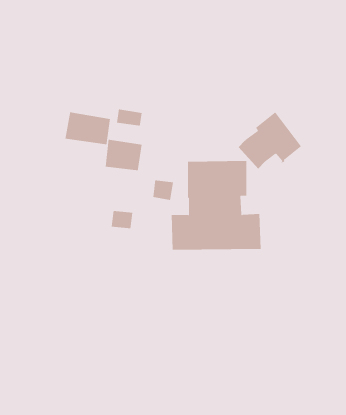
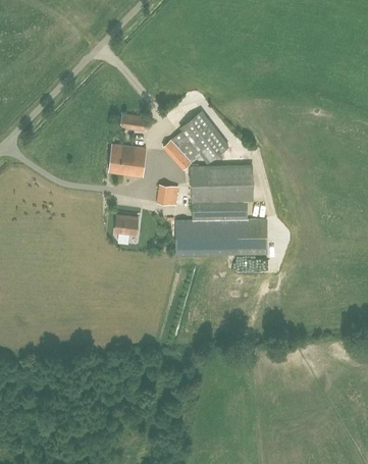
building: [238,111,302,169] -> [163,111,227,169]
building: [65,112,110,145] -> none

